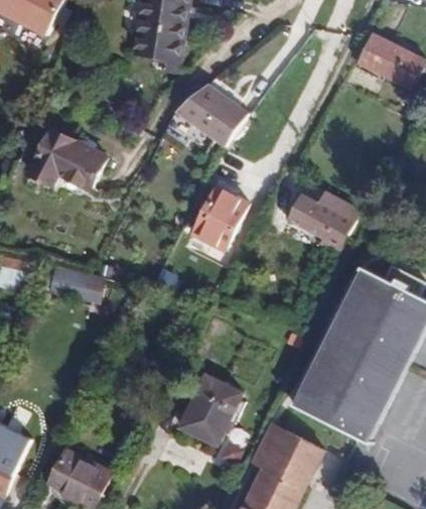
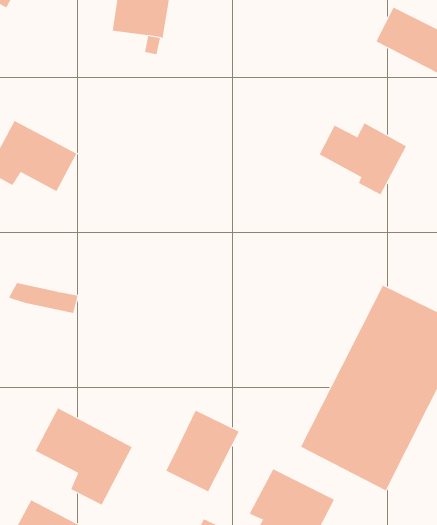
building: [174,84,248,146] -> none
building: [192,185,249,250] -> none
building: [286,190,361,252] -> [319,122,407,195]
building: none -> [35,408,132,506]

